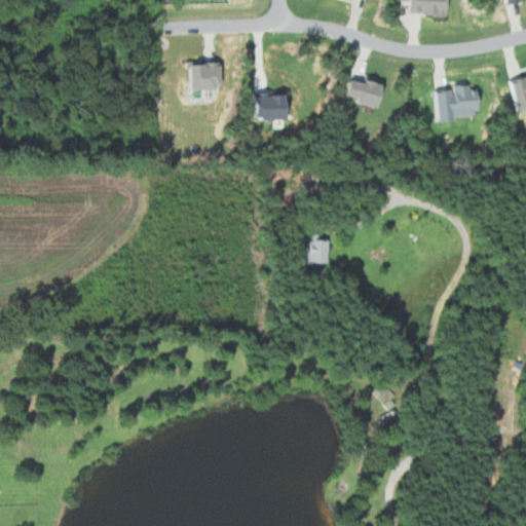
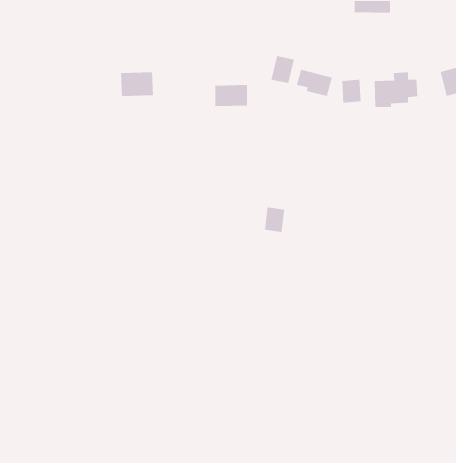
building: [187,62,225,90] -> [120,71,154,97]
building: none -> [270,55,295,84]
building: none -> [342,79,361,103]

